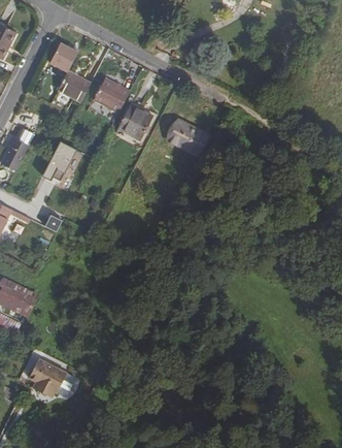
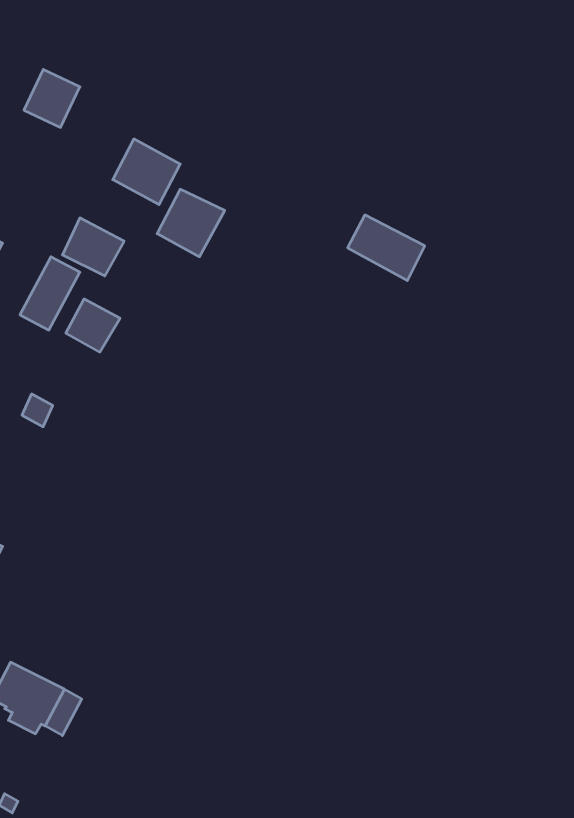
building: [57,70,90,101] -> [62,218,124,276]
building: [166,120,207,155] -> [348,215,425,281]
building: none -> [66,299,120,352]

